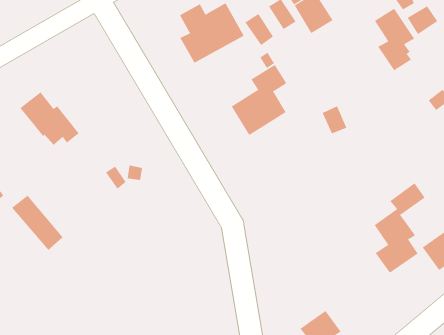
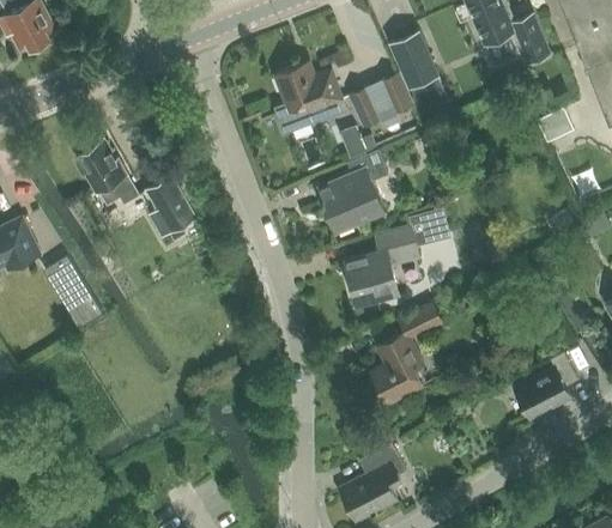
building: [374,8,415,71] -> none
building: none -> [147,176,194,236]
building: none -> [345,226,418,303]
building: [374,183,425,274] -> [372,303,441,403]

